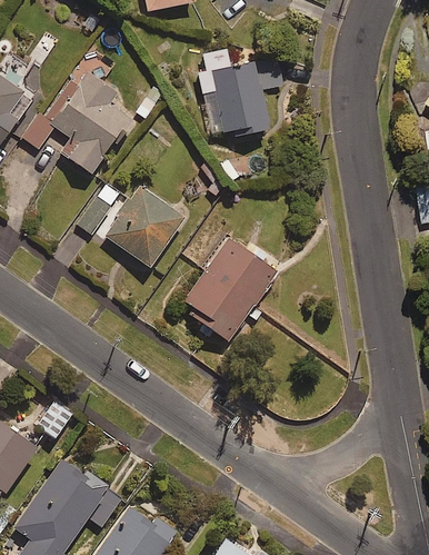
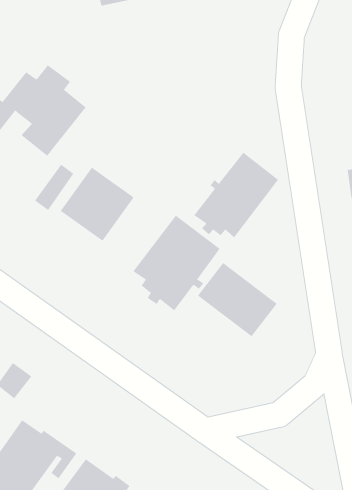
building: [199,46,282,137] -> none
building: none -> [194,152,279,238]
building: none -> [197,262,278,337]

